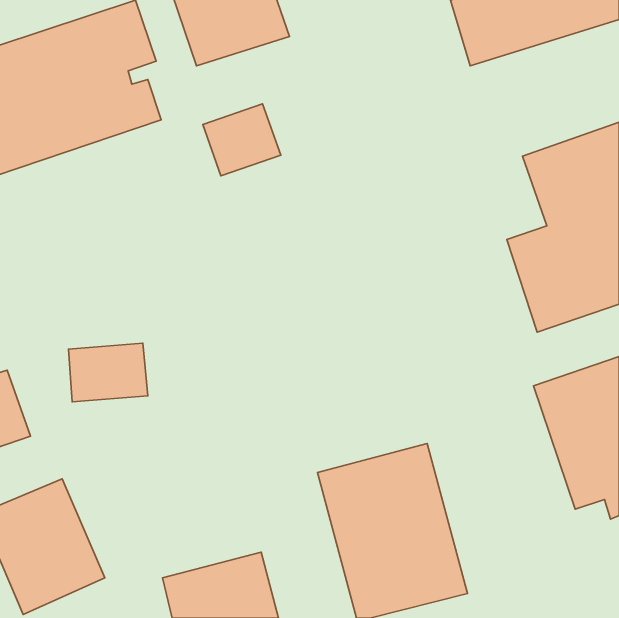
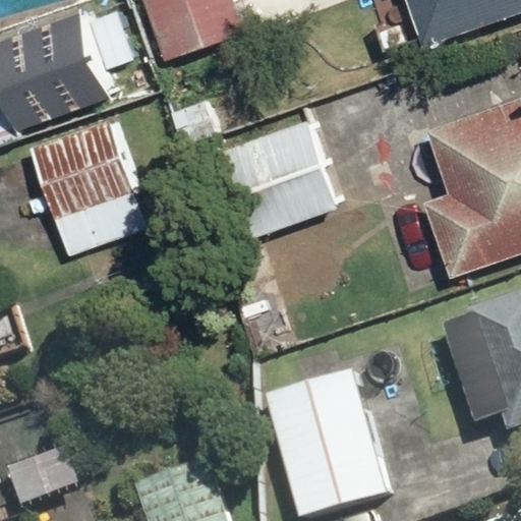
building: none -> [218,118,339,237]
building: none -> [34,123,142,254]

